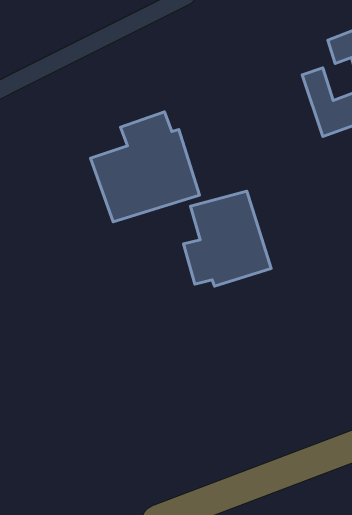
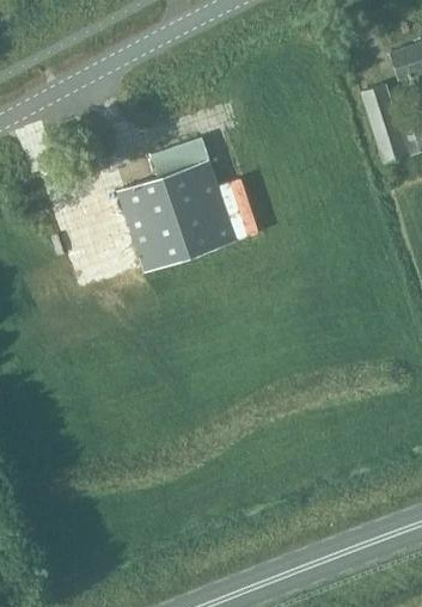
building: [184,191,271,286] -> none

